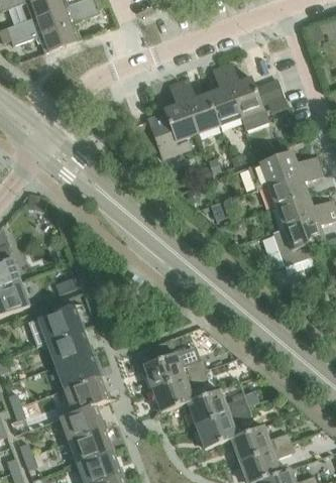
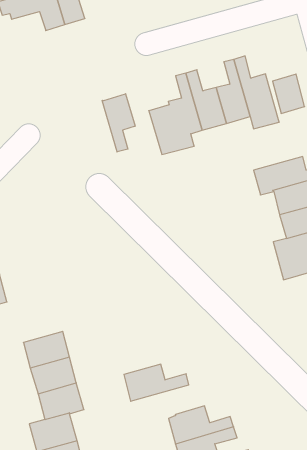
building: none -> [102,94,135,152]
building: [29,305,84,346] -> none
building: [151,369,208,411] -> none

